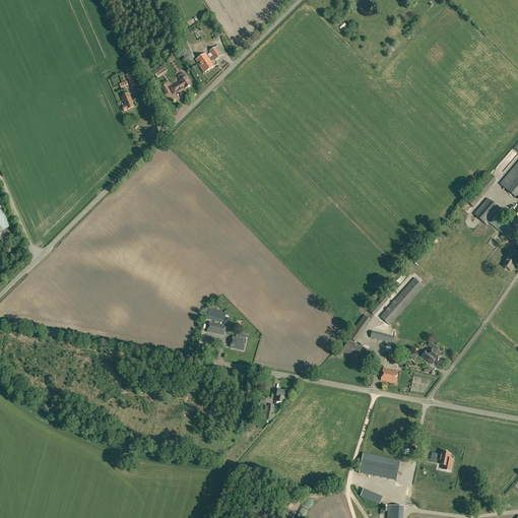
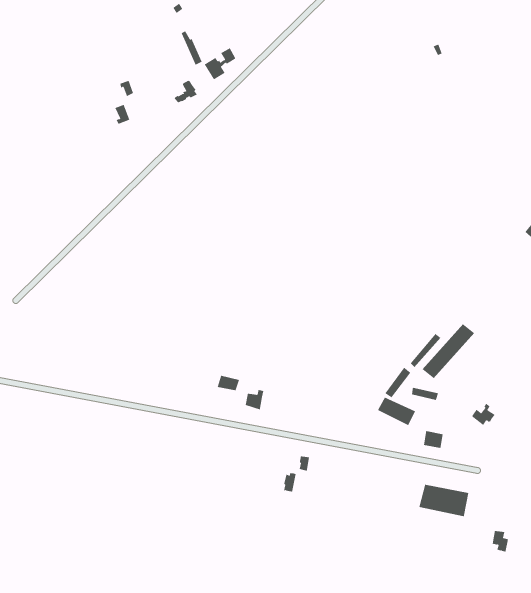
building: [358,452,400,479] -> [419,484,469,517]

